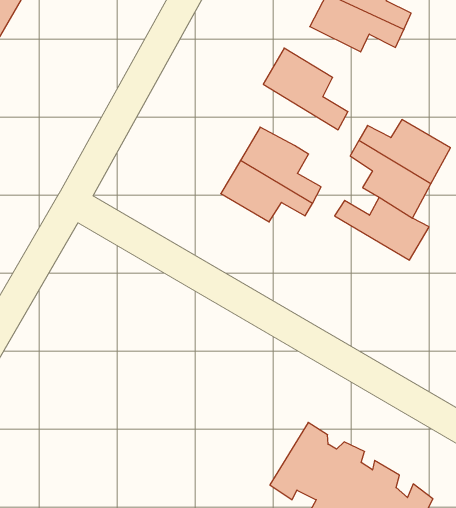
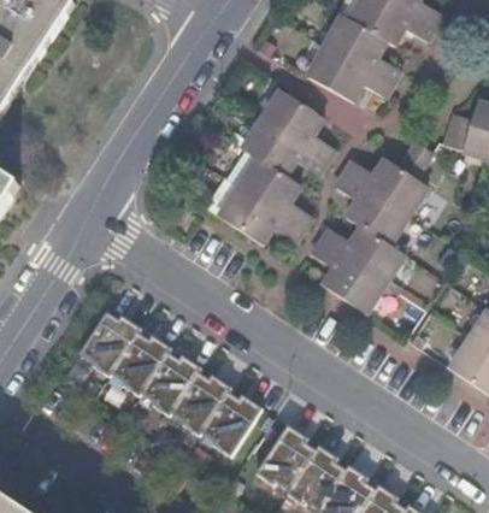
building: none -> [241,118,325,175]
building: none -> [311,240,383,312]
building: none -> [81,318,258,461]

